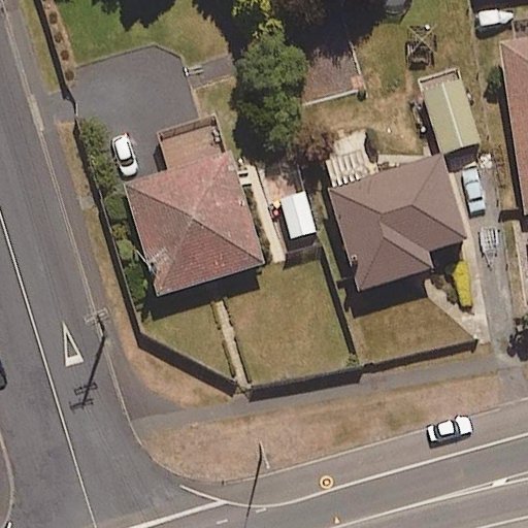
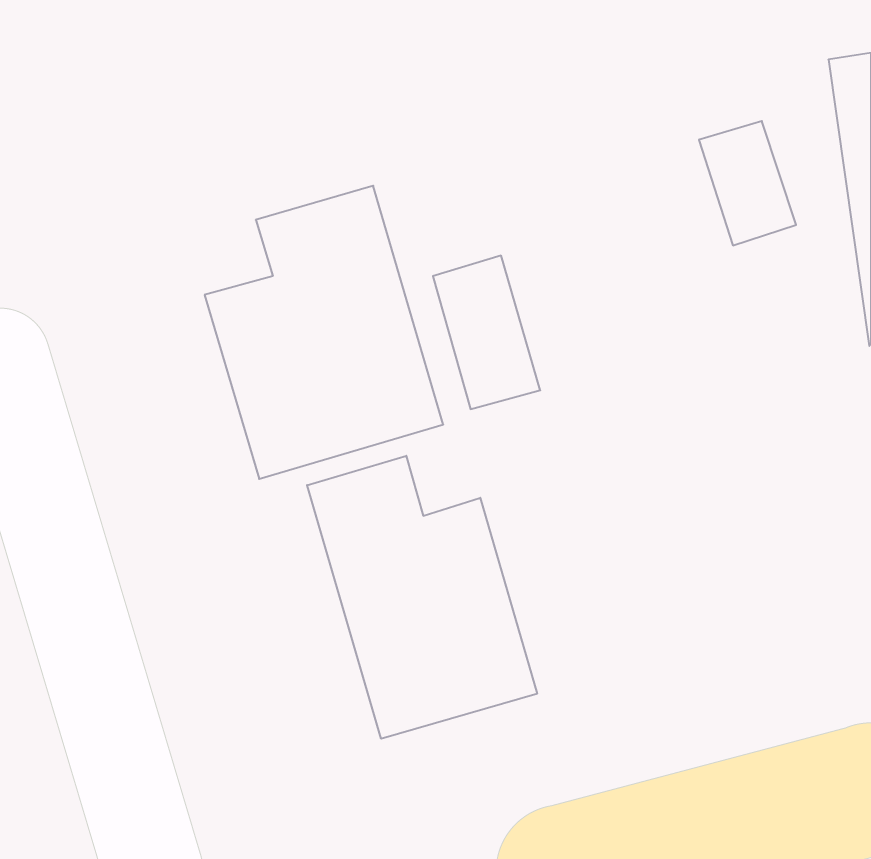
building: [318,131,466,289] -> none
building: none -> [307,456,537,739]

